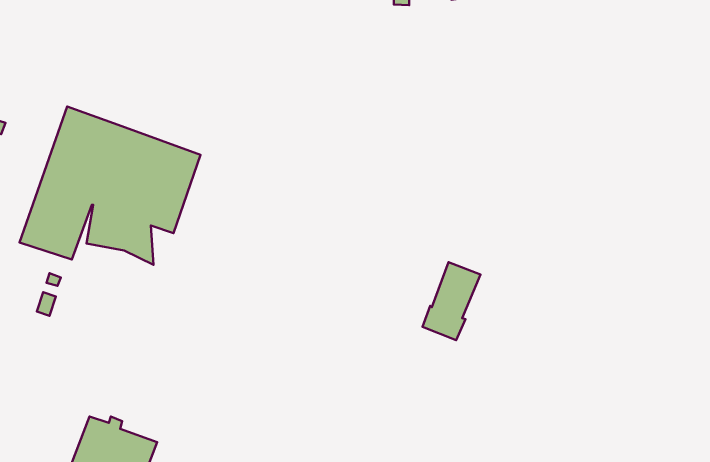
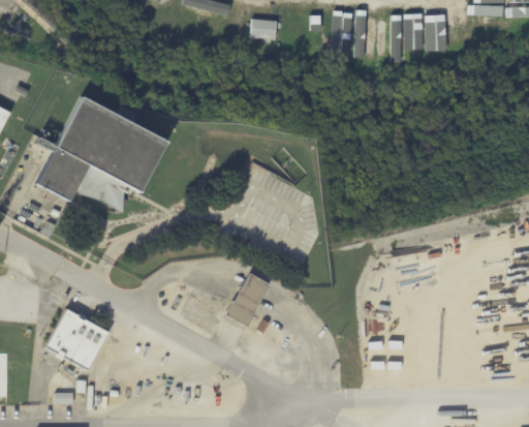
building: [422,262,481,340] -> [224,274,269,328]

